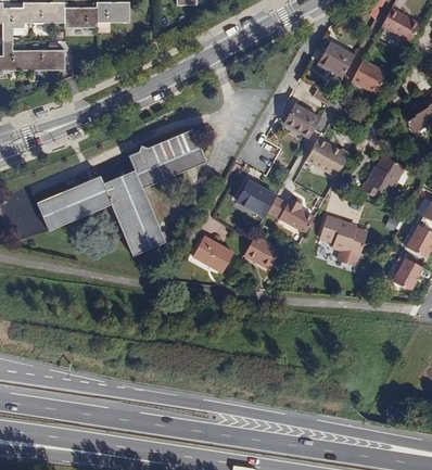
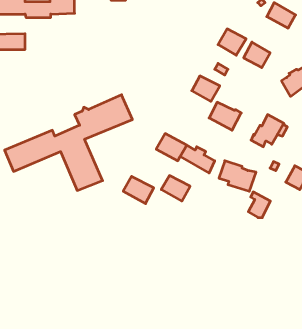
building: [394,253,423,287] -> [248,192,270,218]

